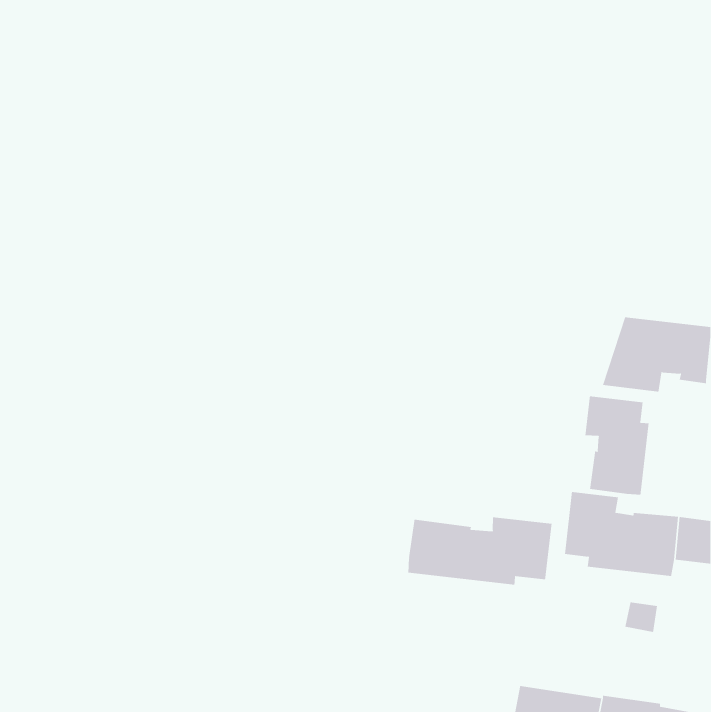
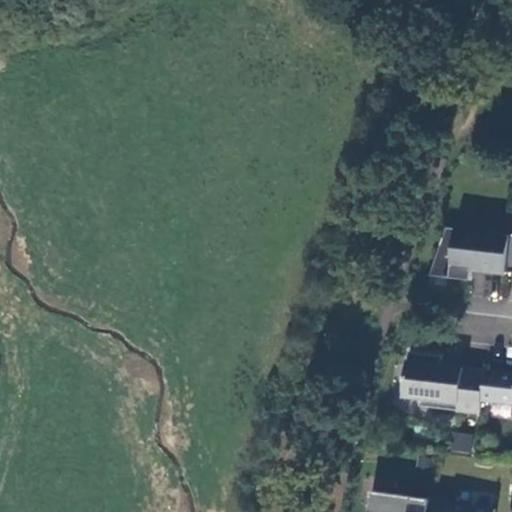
building: [585,395,649,495] -> none
building: [408,517,552,586] -> none

